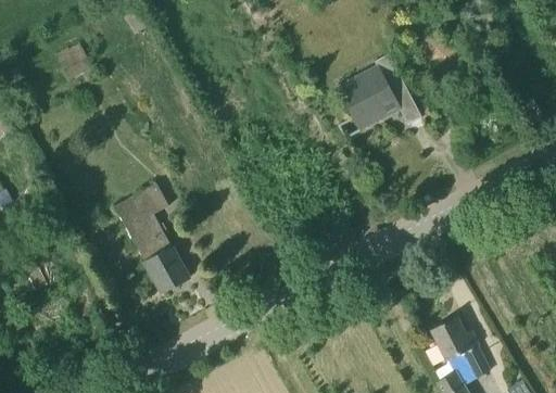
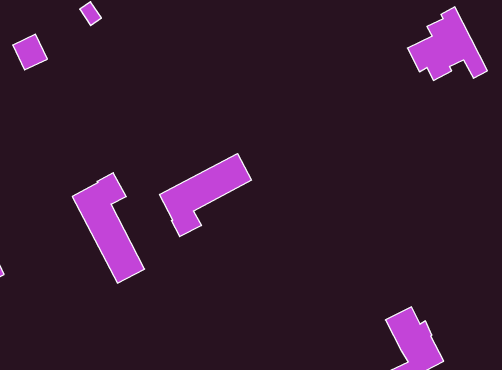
building: [340,54,420,128] -> [407,7,487,80]
building: none -> [160,154,251,237]

